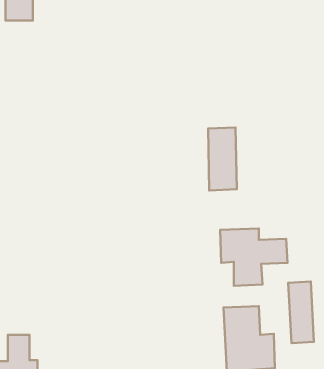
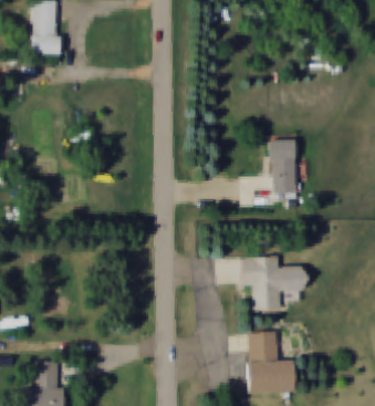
building: [208,127,237,190] -> [270,139,298,200]
building: [288,282,314,343] -> none

